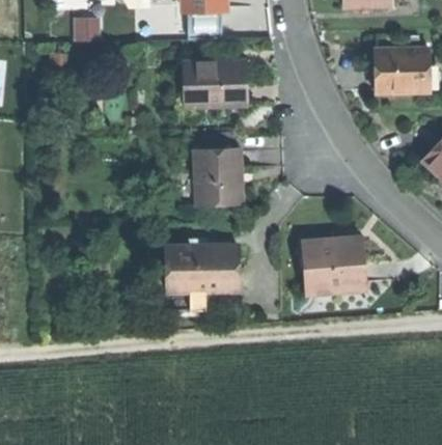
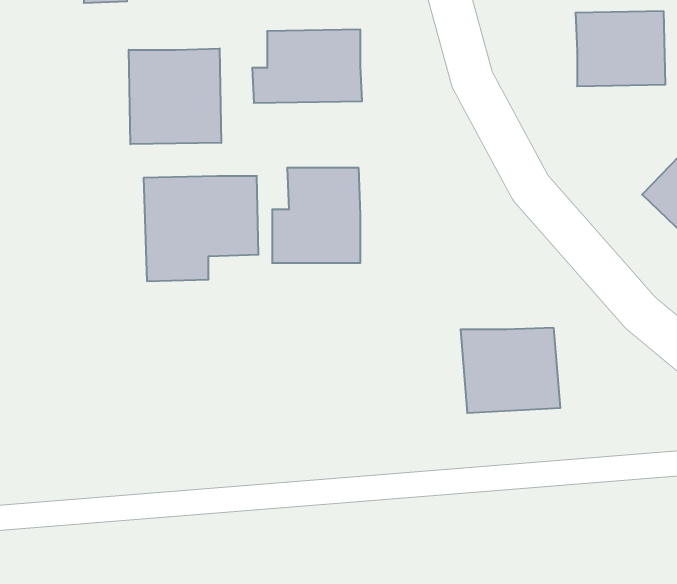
building: none -> [129,48,221,144]
building: [168,247,240,312] -> [144,176,259,281]

